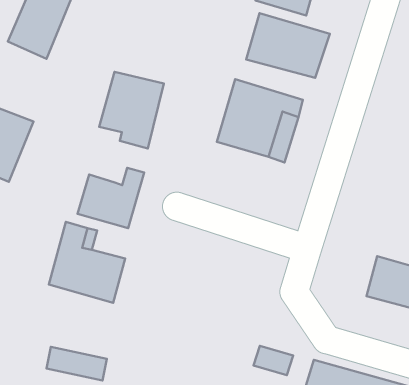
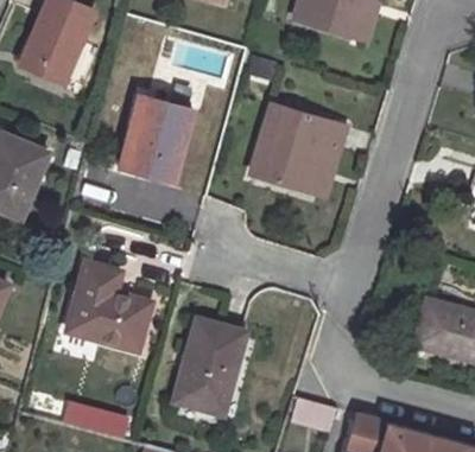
building: [246,13,330,78] -> none
building: [77,168,144,228] -> none
building: none -> [172,318,241,416]

